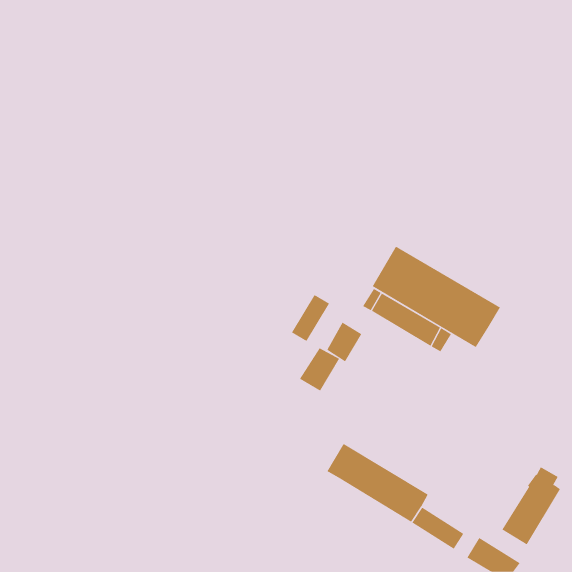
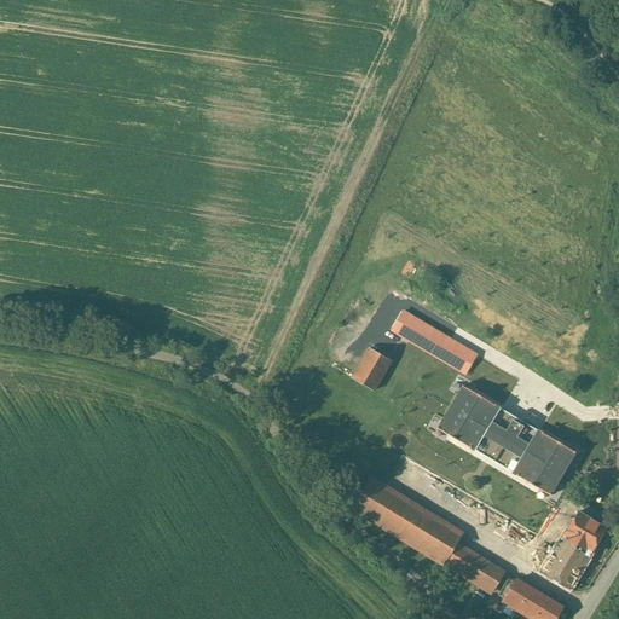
building: [372,246,501,348] -> [438,384,577,494]
building: [291,294,330,342] -> none
building: [299,347,340,391] -> none

